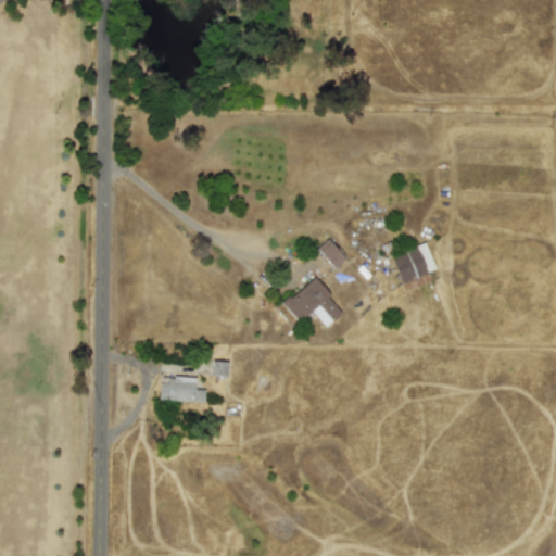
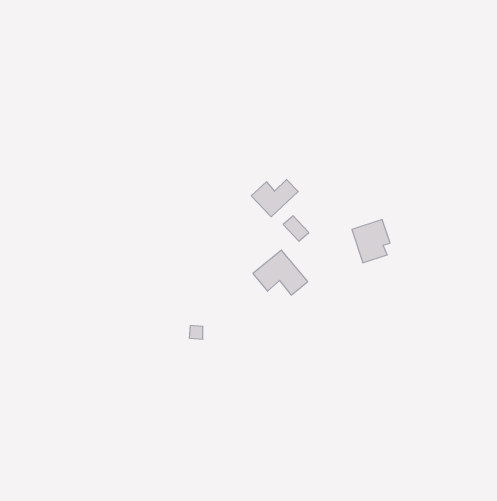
building: none -> [251,179,298,217]
building: [161,376,206,402] -> none

